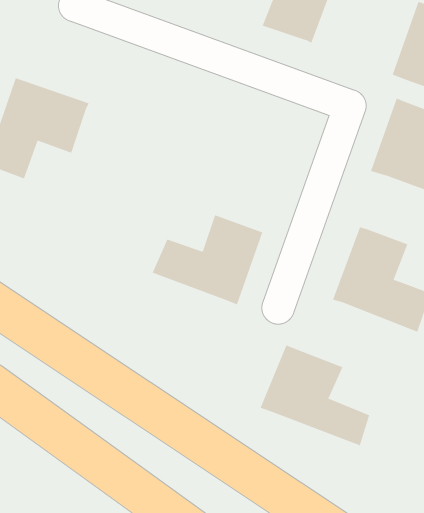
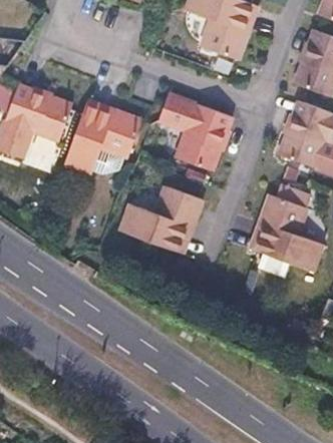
building: none -> [157,92,232,170]
building: none -> [62,101,150,176]
building: [260,345,370,446] -> none

